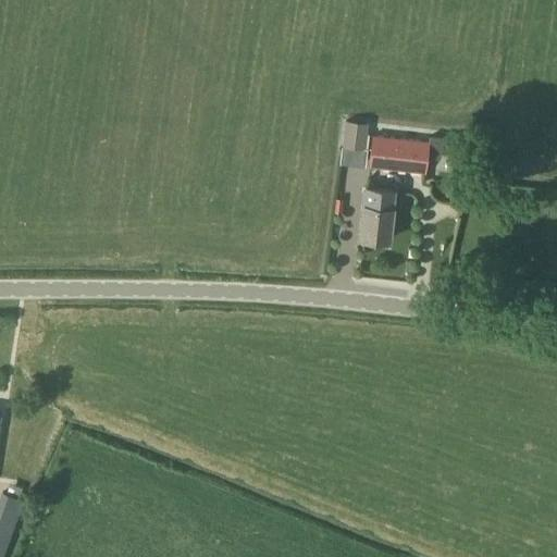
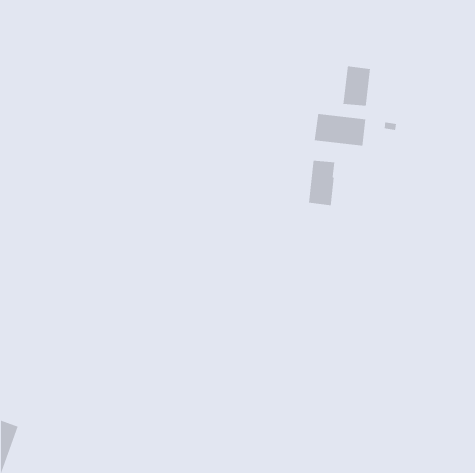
building: none -> [343,66,370,107]
building: [342,123,369,152] -> none

